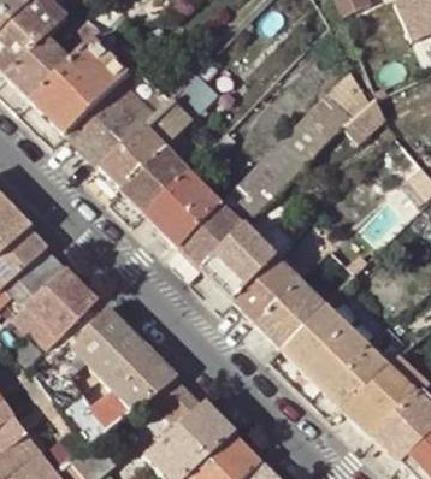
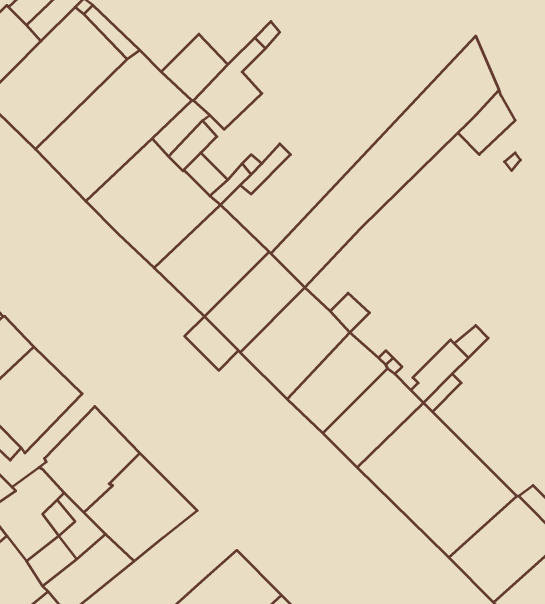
building: [149,374,199,420] -> none

